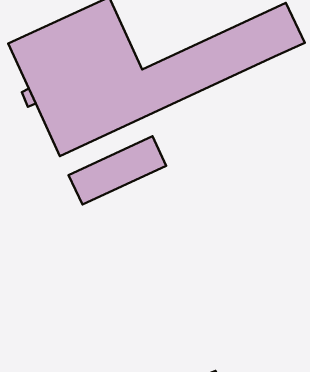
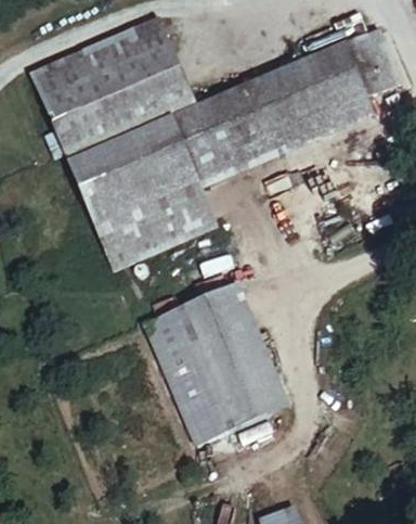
building: none -> [93,100,374,248]
building: none -> [141,271,287,434]

